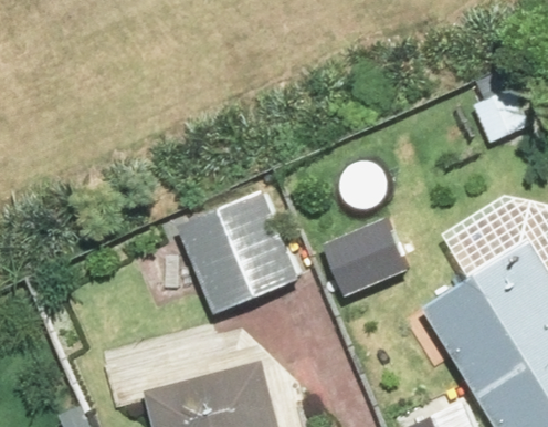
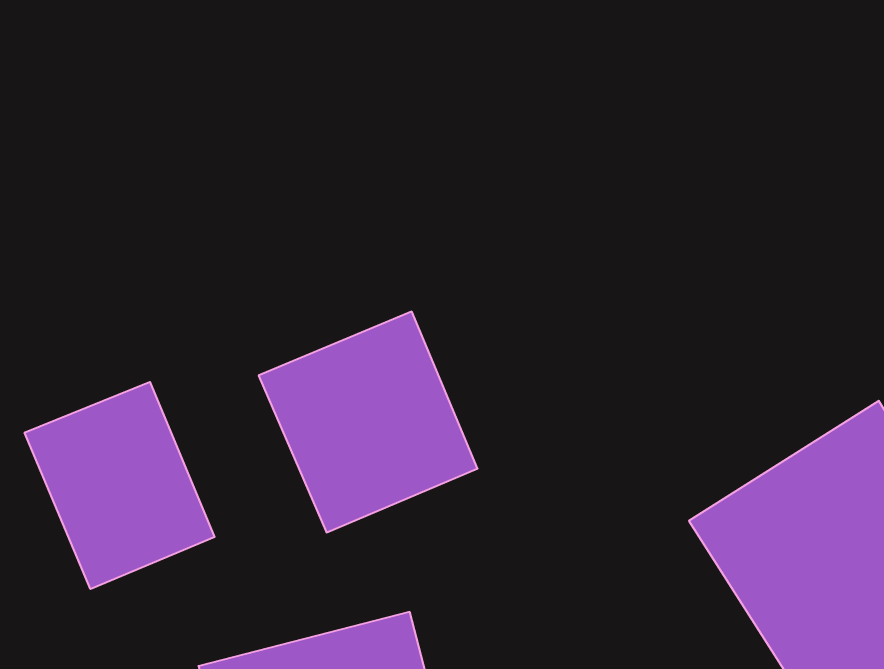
building: none -> [25,382,215,589]

